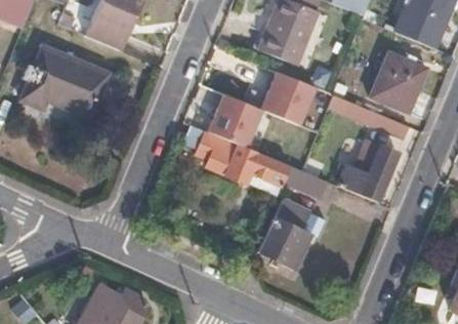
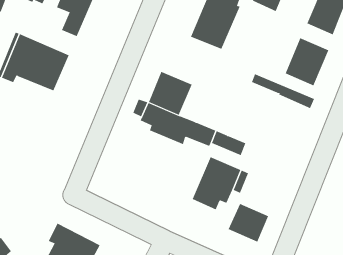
building: [260,71,317,126] -> none
building: [339,138,401,200] -> none
building: none -> [228,203,269,243]

